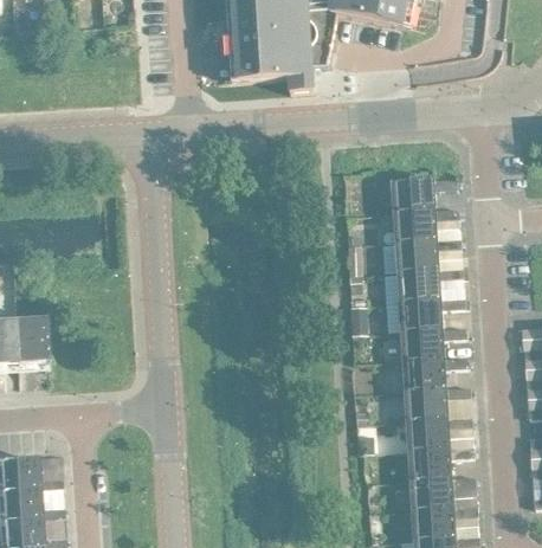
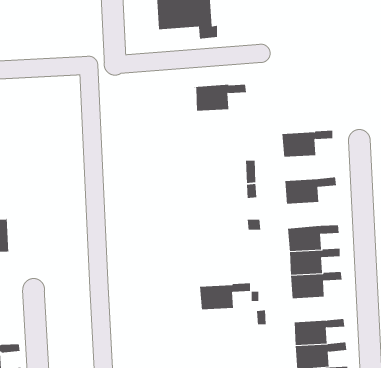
building: [388,176,456,211] -> [193,84,247,111]
building: [394,236,459,270] -> none
building: [398,296,463,330] -> none
building: [405,414,470,449] -> [199,283,251,310]

